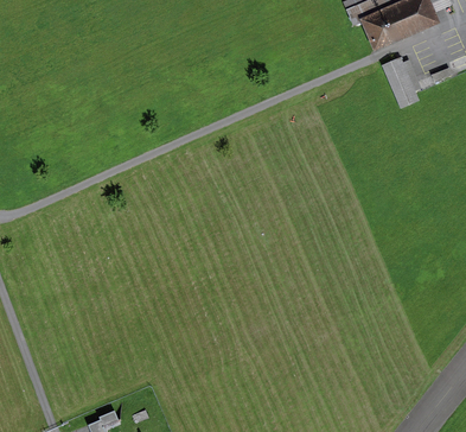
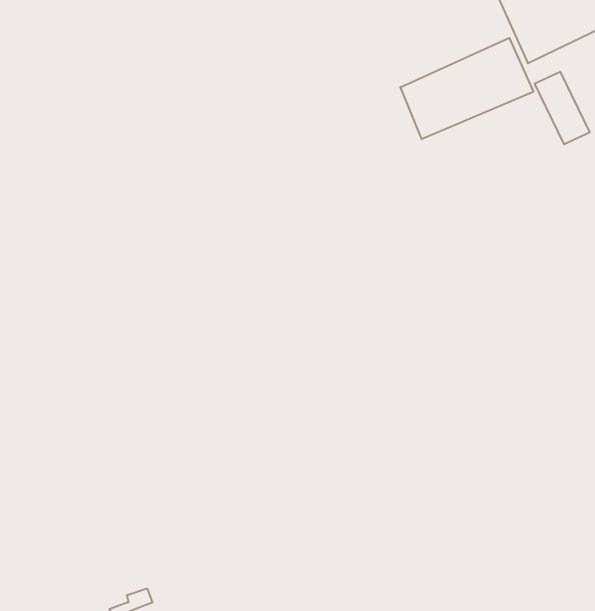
building: none -> [400,38,533,139]

